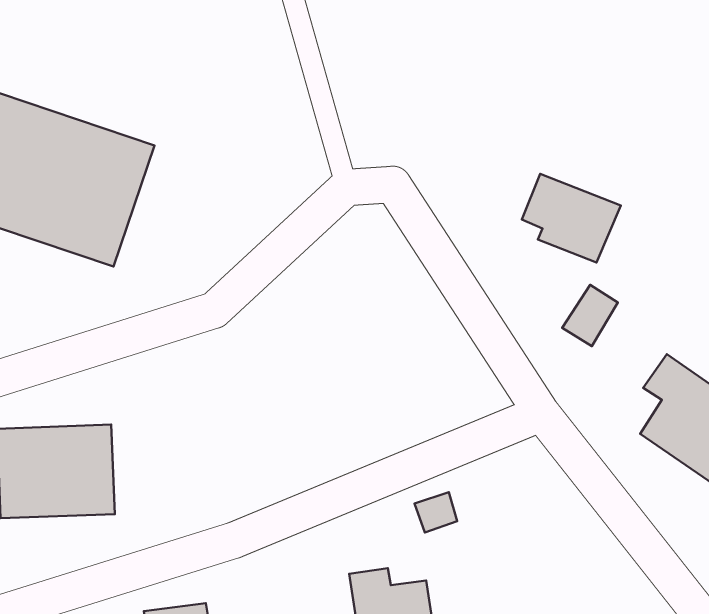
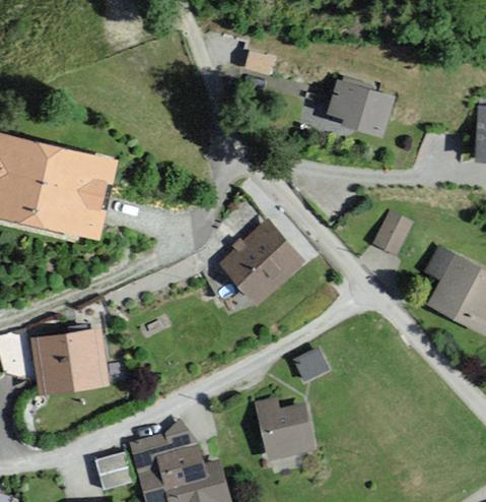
building: [522,174,621,262] -> [327,83,387,134]
building: none -> [220,228,292,300]

